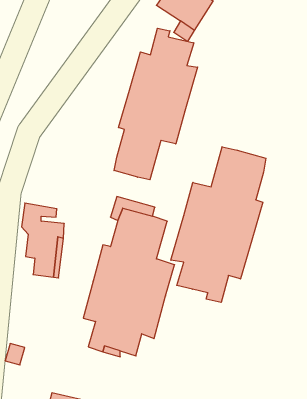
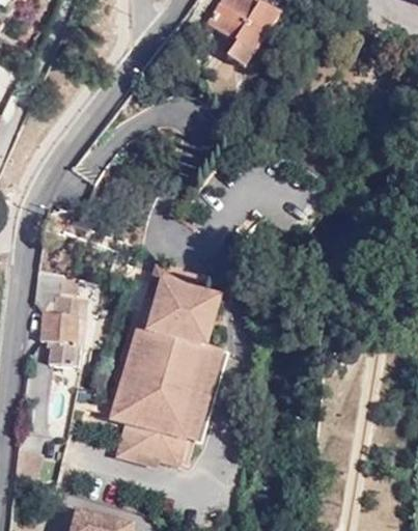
building: [114,28,198,180] -> none
building: [171,147,266,302] -> none

